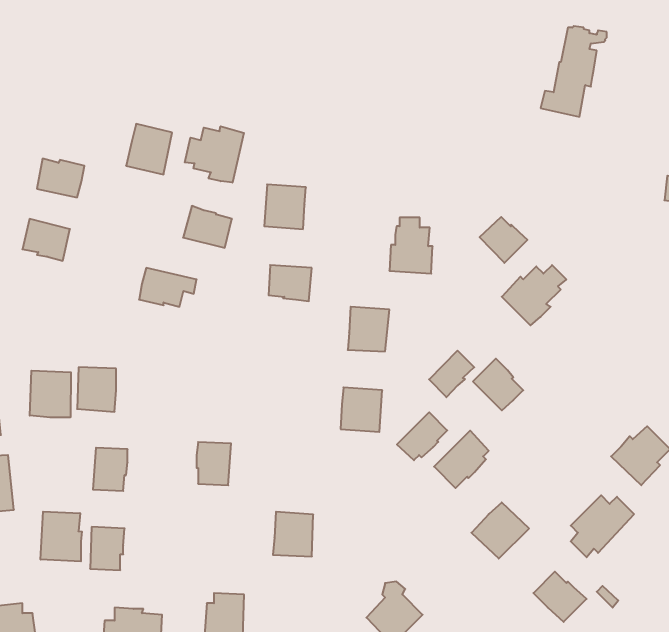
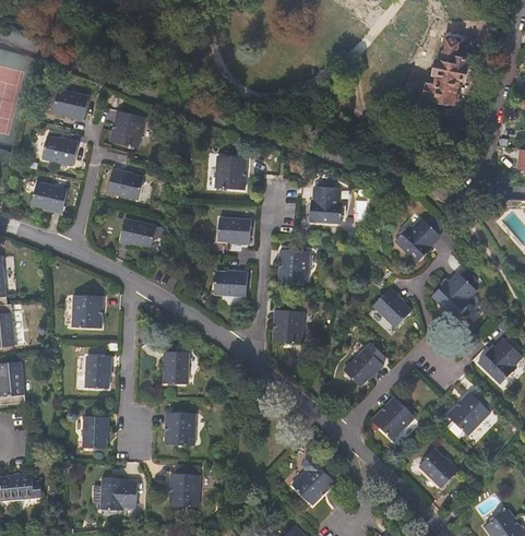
building: none -> [53,90,88,121]
building: [185,126,244,183] -> none
building: [183,206,232,248] -> [107,168,144,200]
building: [480,217,527,263] -> none
building: none -> [431,270,479,318]
building: none -> [214,271,248,296]
building: [429,351,474,397] -> none
building: [30,371,71,417] -> none
building: [397,412,447,460] -> none
building: [41,512,82,561] -> none
building: [273,512,313,556] -> [165,412,195,445]

